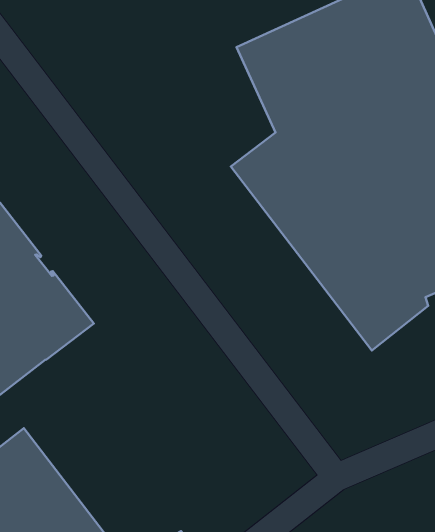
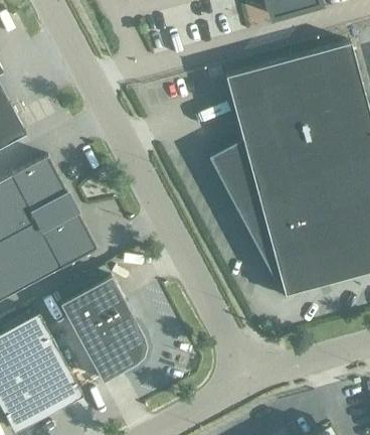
building: none -> [60,275,146,381]

